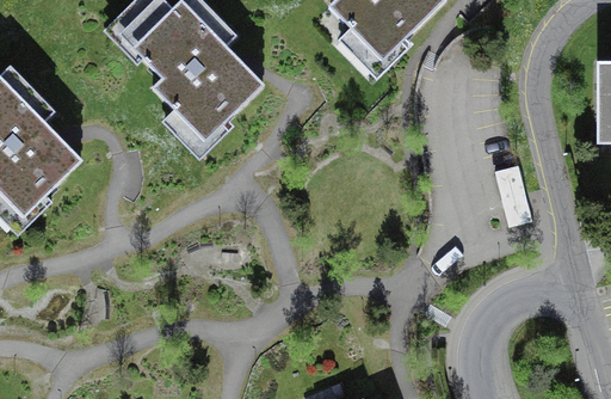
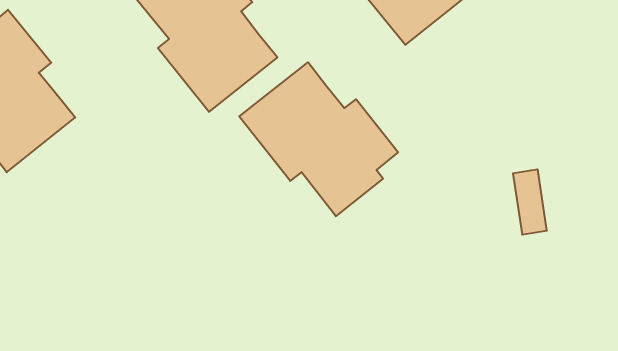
building: none -> [239,62,398,216]

